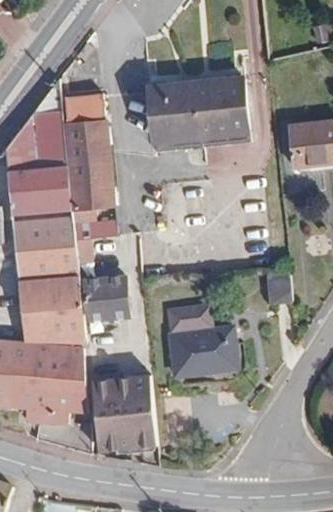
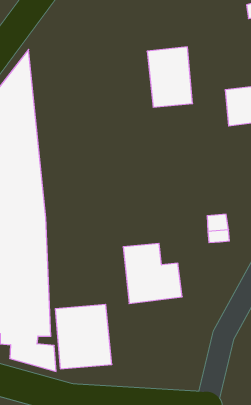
building: [149,81,204,151] -> none
building: [65,94,116,262] -> none
building: [84,277,129,320] -> none

